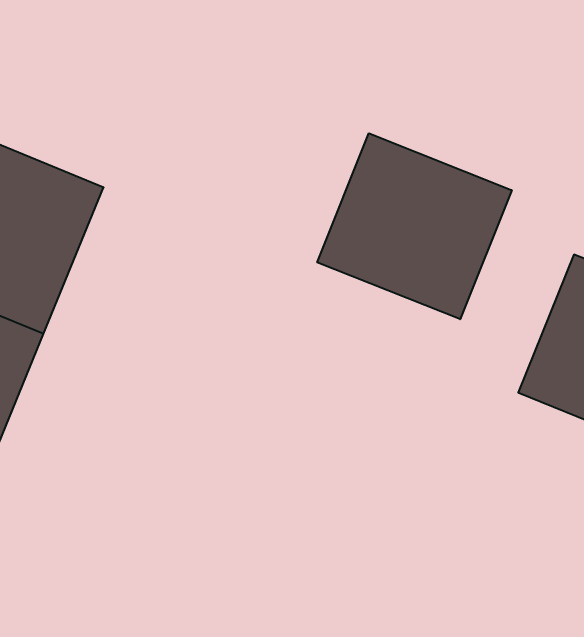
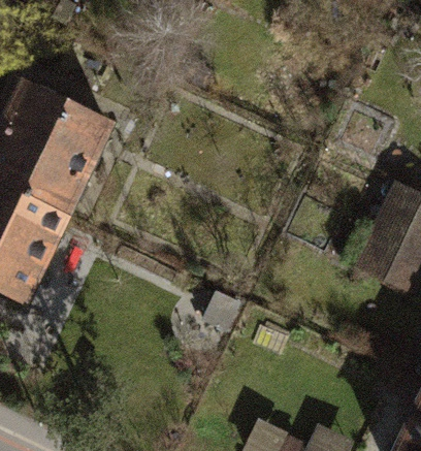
building: [317,133,512,319] -> none

